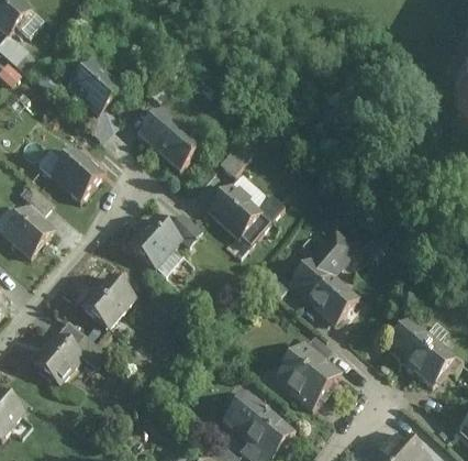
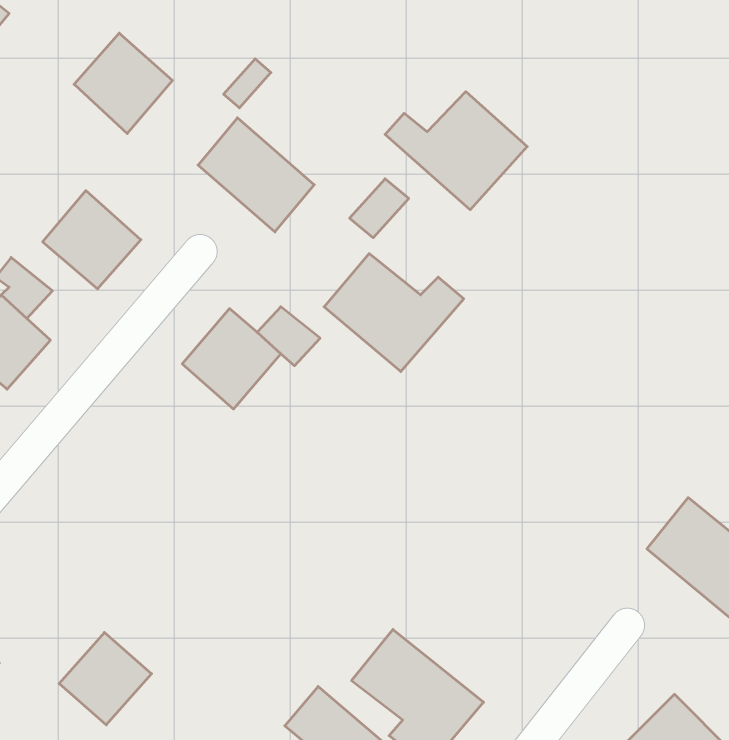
building: none -> [385,92,527,210]
building: [289,232,361,325] -> none
building: [80,272,134,327] -> none
building: [32,332,83,384] -> [59,632,152,725]
building: [271,338,341,410] -> none

